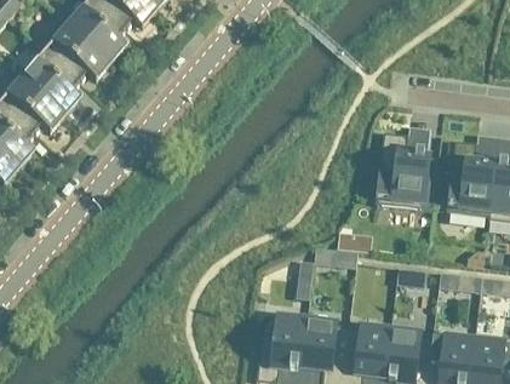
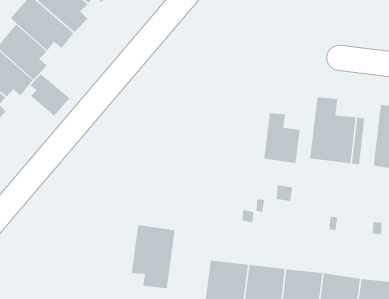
building: none -> [30,73,70,117]
building: none -> [264,112,300,164]
building: none -> [131,214,175,289]

